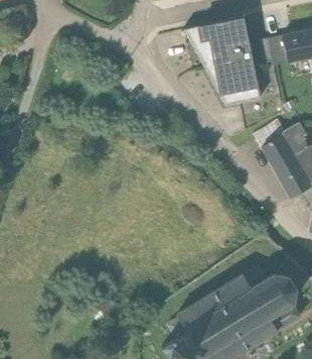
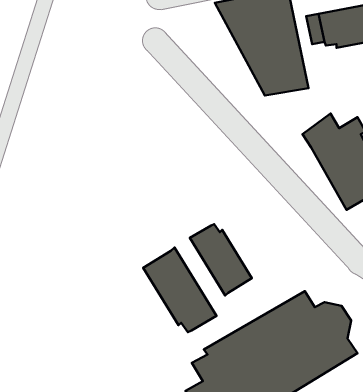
building: none -> [190,224,252,296]
building: none -> [143,247,217,332]

